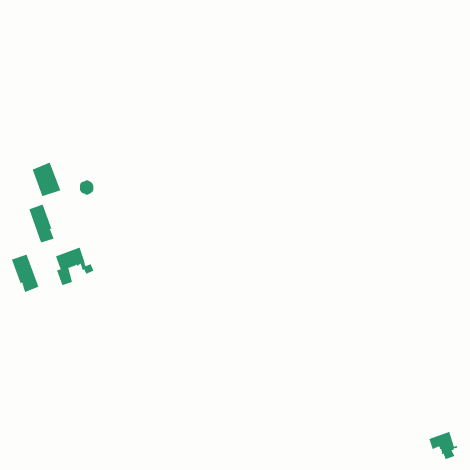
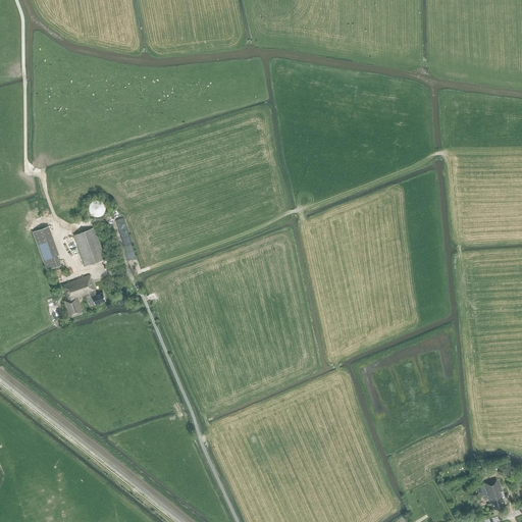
building: [32,162,61,197] -> [72,226,105,265]
building: [11,254,39,293] -> none

